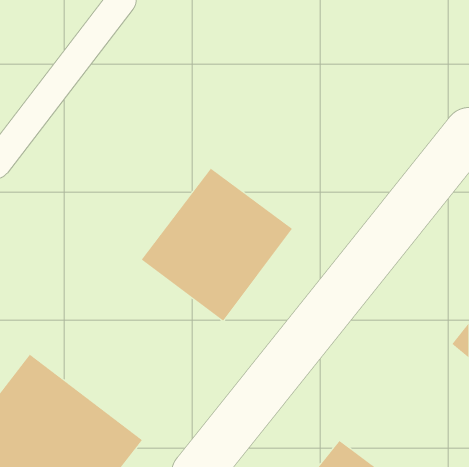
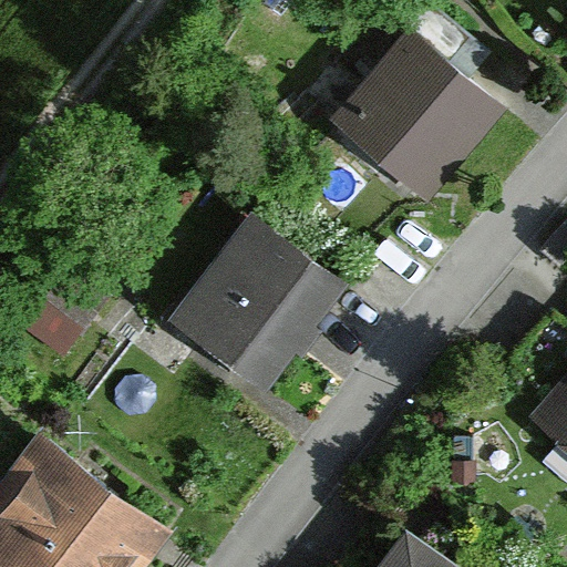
building: none -> [327,29,504,205]

